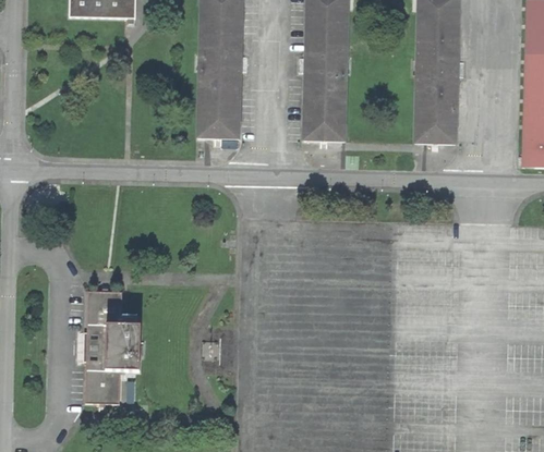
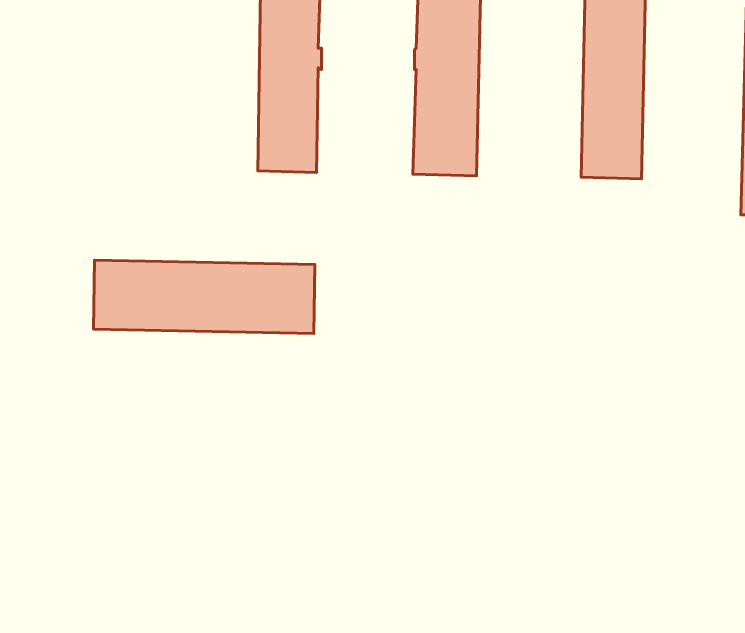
building: none -> [93,260,315,334]
building: [86,290,140,402] -> none

